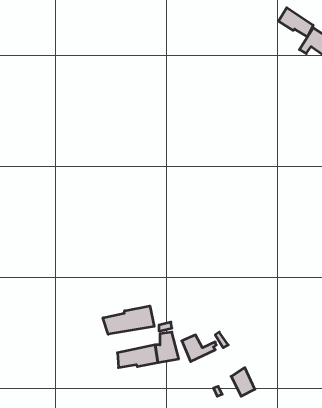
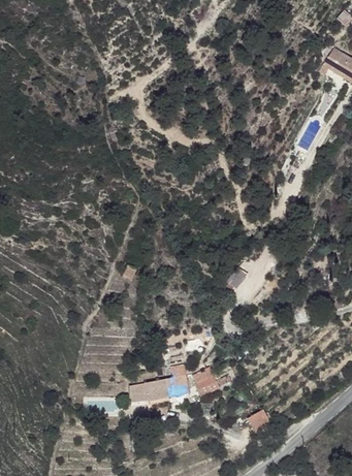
building: [278,8,313,37] -> none
building: [103,306,154,334] -> none

